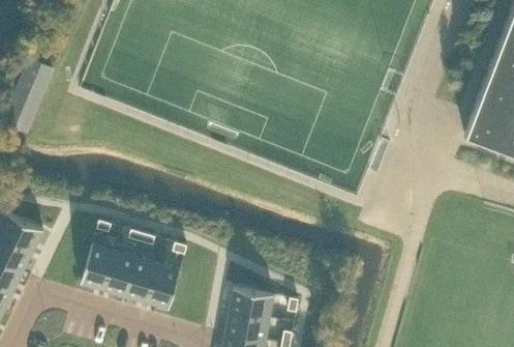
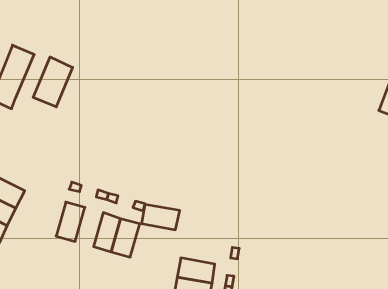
building: none -> [33,57,73,107]
building: [103,250,137,296] -> none
building: [229,287,274,317] -> [141,204,180,230]

